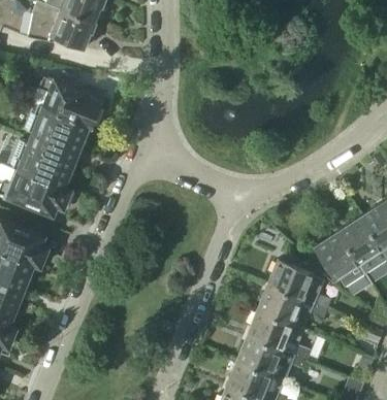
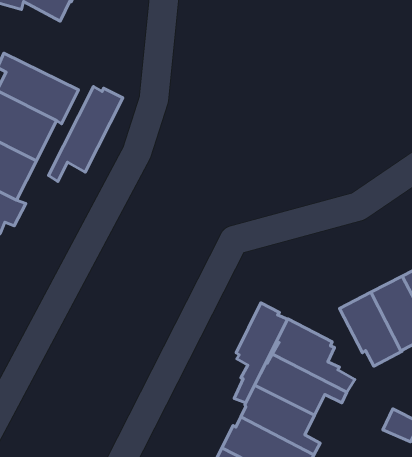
building: none -> [48,86,123,181]
building: none -> [234,303,288,403]

